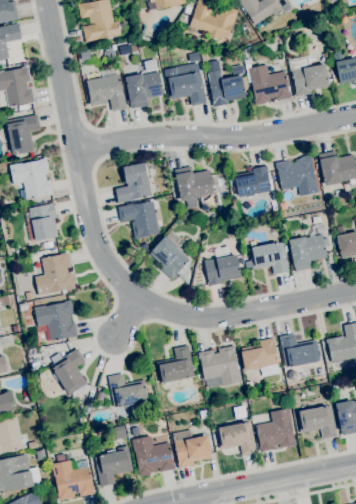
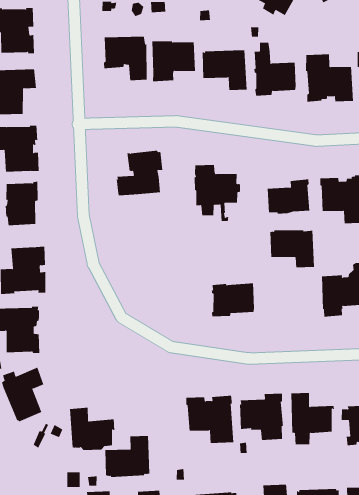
building: [118,201,160,239] -> none
building: [149,236,190,280] -> none
building: [249,242,289,274] -> [270,230,315,268]
building: [156,345,195,383] -> [104,436,150,478]

